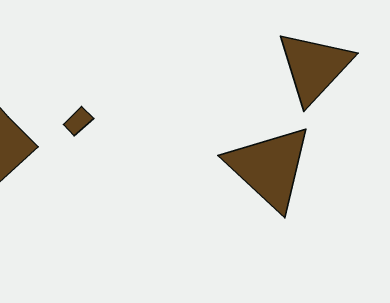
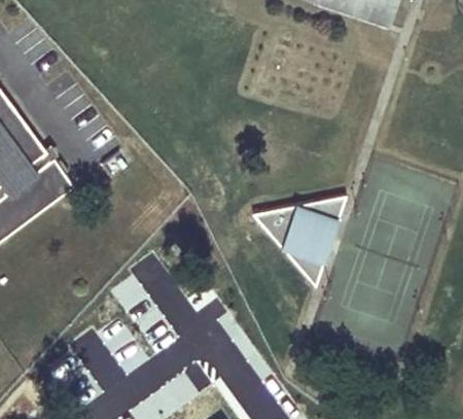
building: [280,36,358,112] -> none

